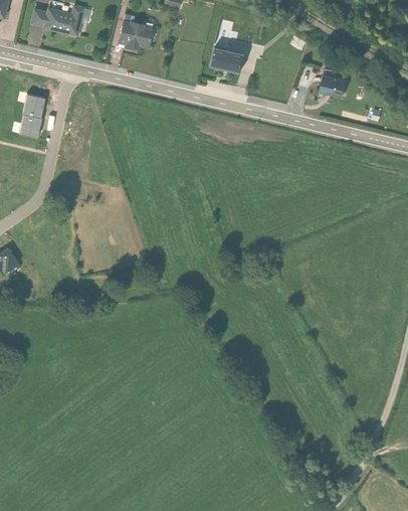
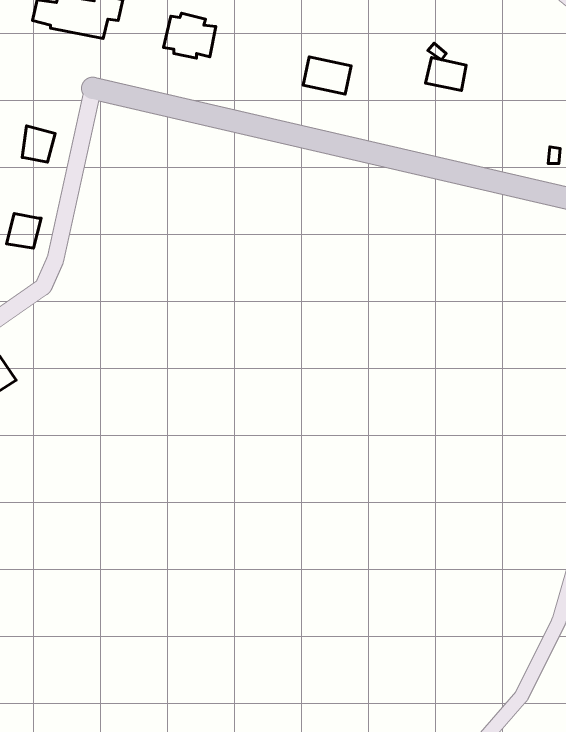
building: [320,74,347,97] -> [426,58,466,91]
building: [19,115,42,138] -> [7,214,41,248]

